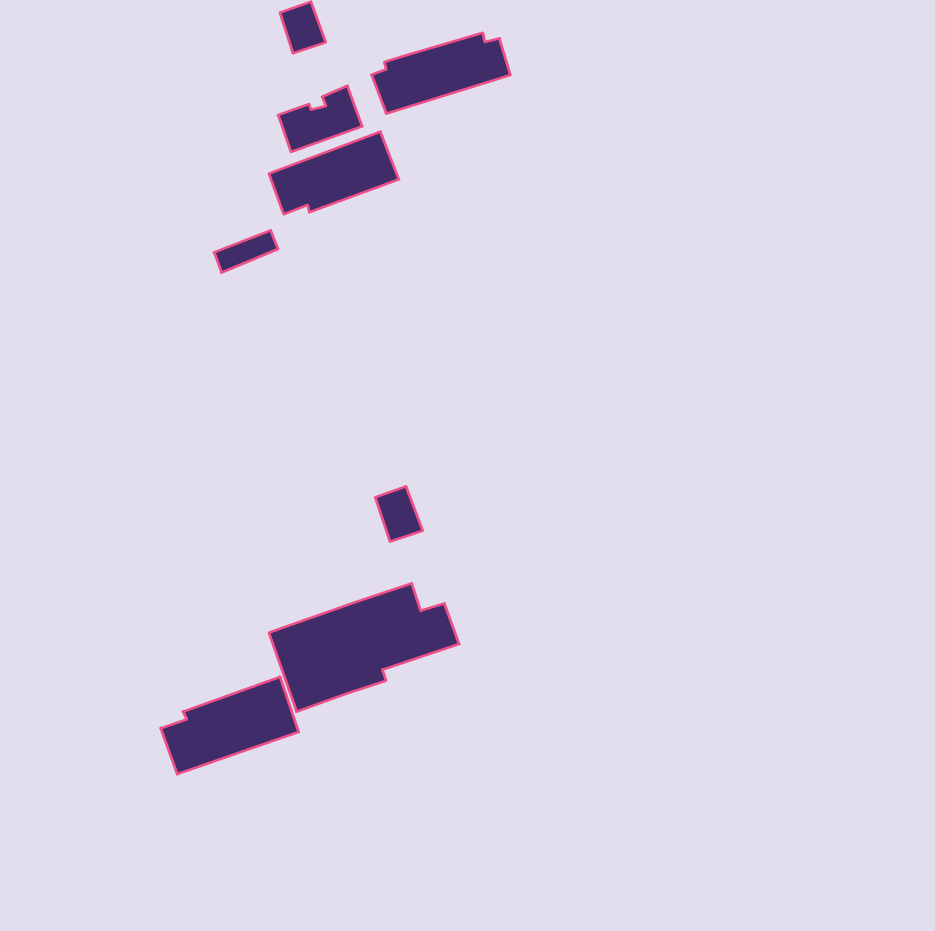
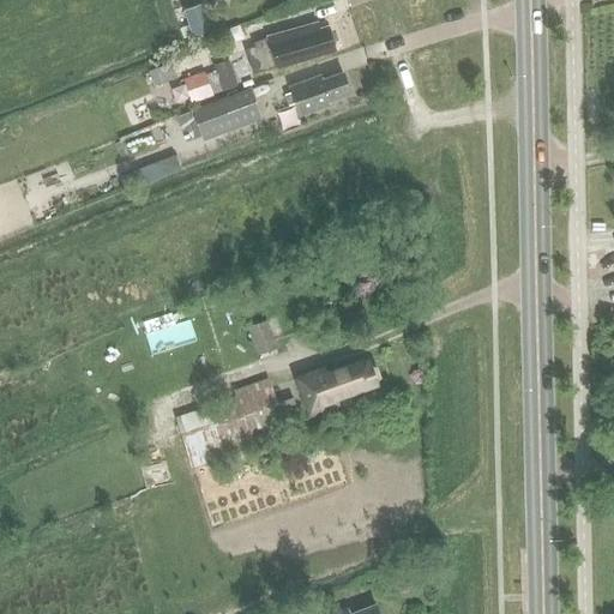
building: none -> [284,72,349,114]
building: none -> [296,359,380,413]
building: [161,677,299,774] -> none

